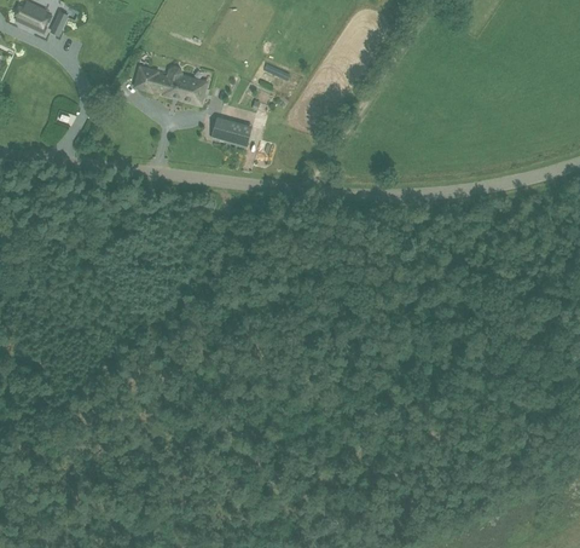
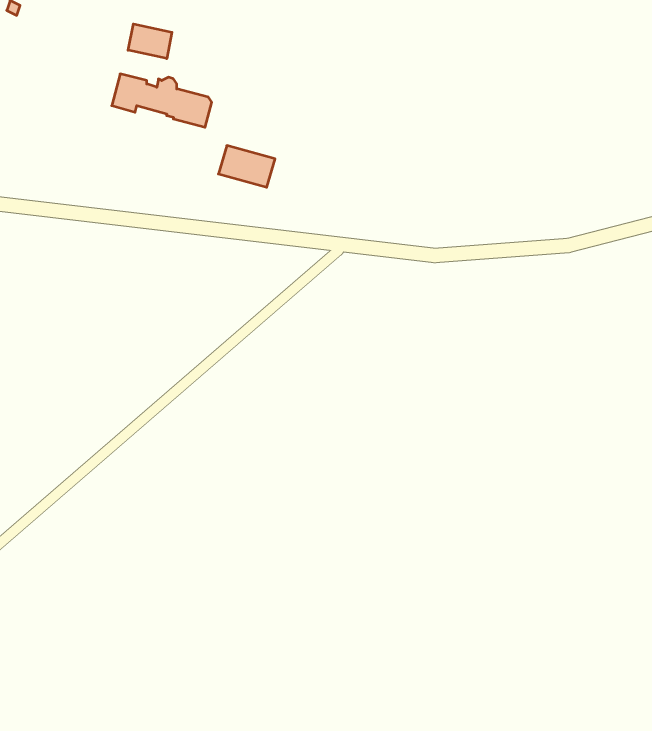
building: none -> [128,24,172,59]

